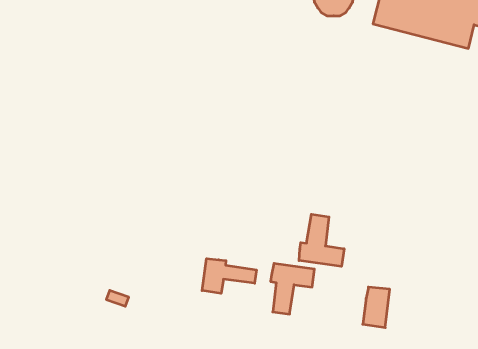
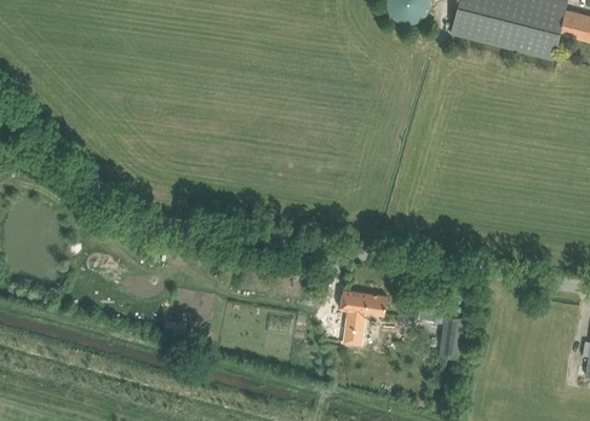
building: [299,214,344,266] -> none
building: [202,259,256,293] -> none

